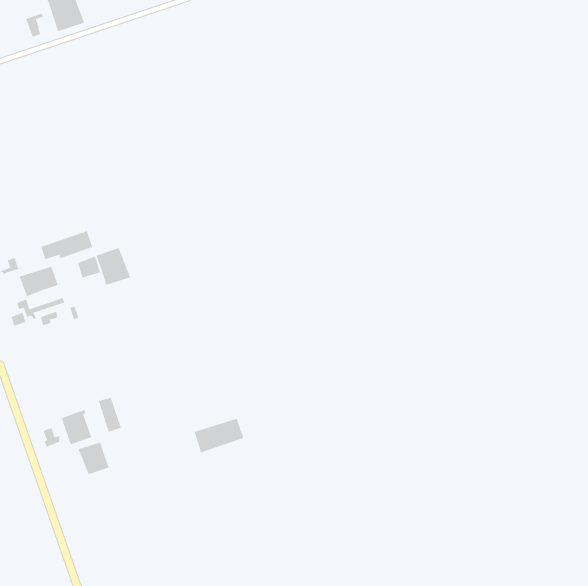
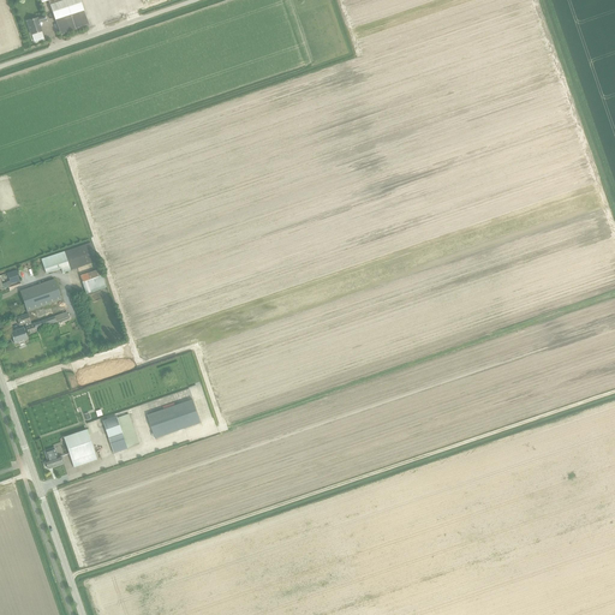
building: [95,247,131,286] -> none
building: [193,418,244,454] -> [148,399,201,436]
building: [78,442,110,475] -> none

